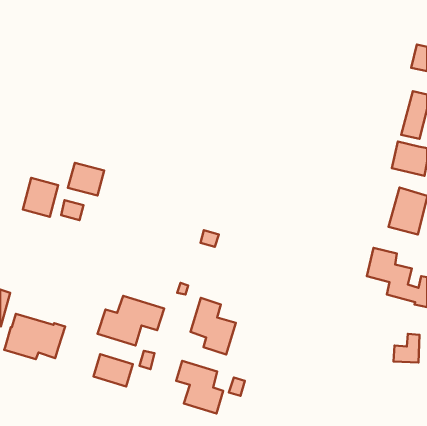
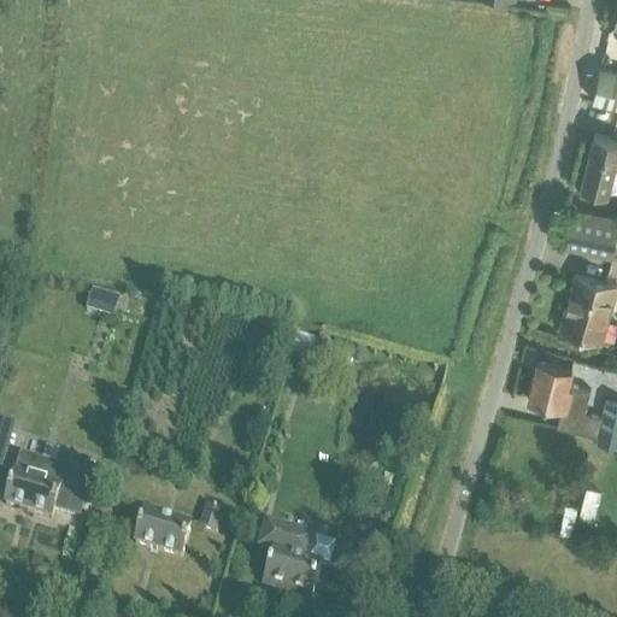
building: [68,163,104,196] -> none
building: [23,178,58,217] -> none
building: [98,296,164,346] -> none
building: [190,298,236,354] -> none

